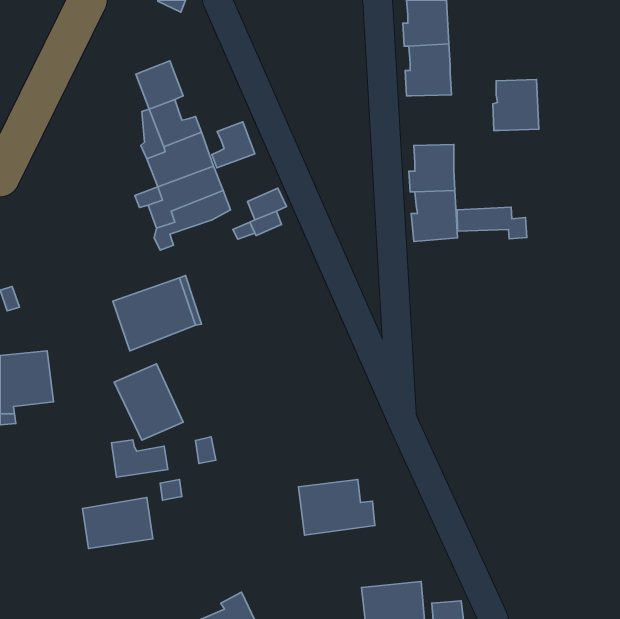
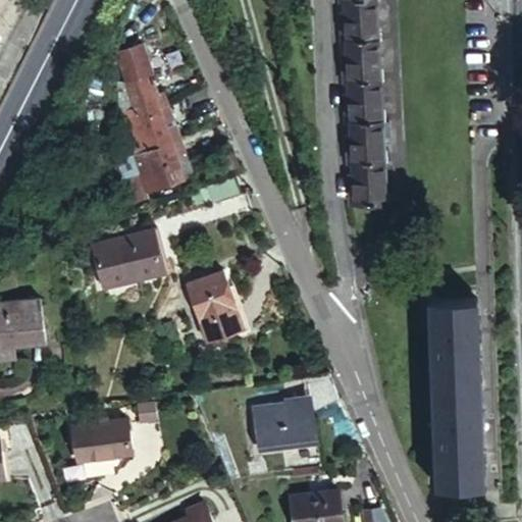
building: [493,80,539,130] -> [343,81,381,123]
building: [212,122,255,168] -> none
building: [457,207,527,239] -> none
building: none -> [432,295,483,483]
building: [114,364,183,440] -> [186,269,244,333]
building: [111,440,168,477] -> none

